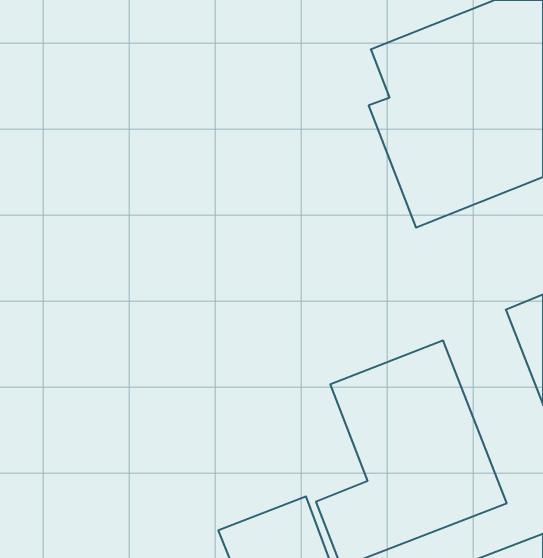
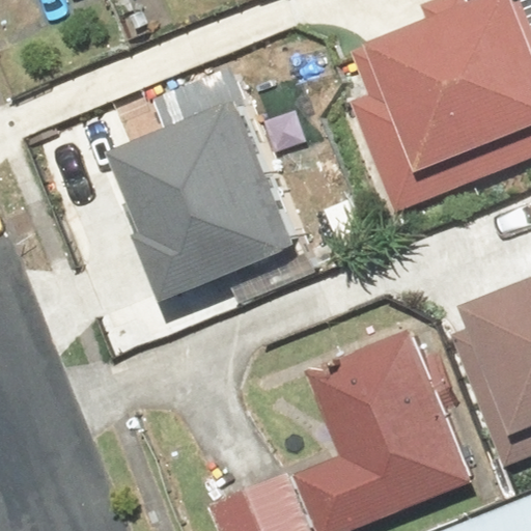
building: none -> [132,97,309,290]

